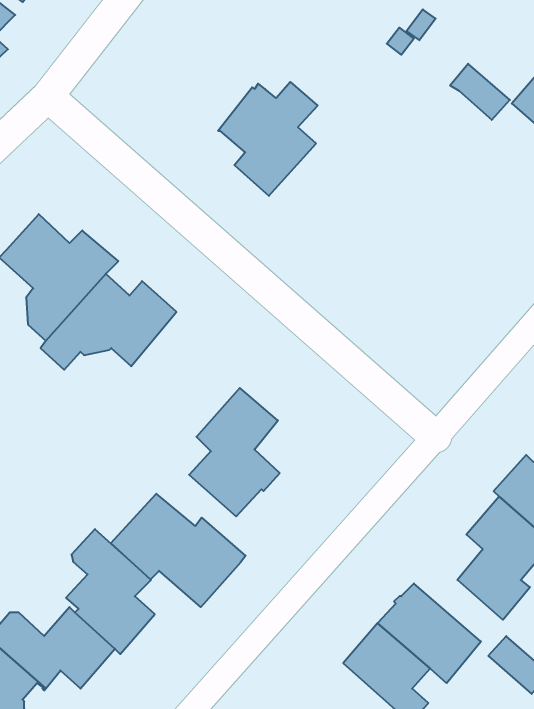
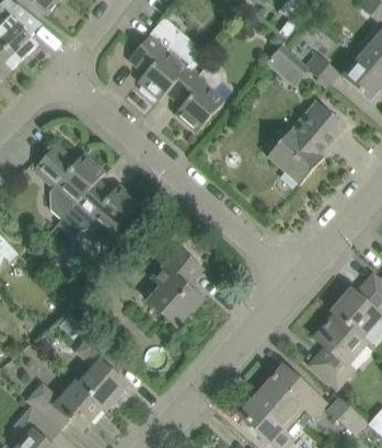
building: none -> [128,23,200,100]
building: none -> [267,45,311,87]
building: none -> [267,100,346,184]
building: [111,494,246,607] -> none

